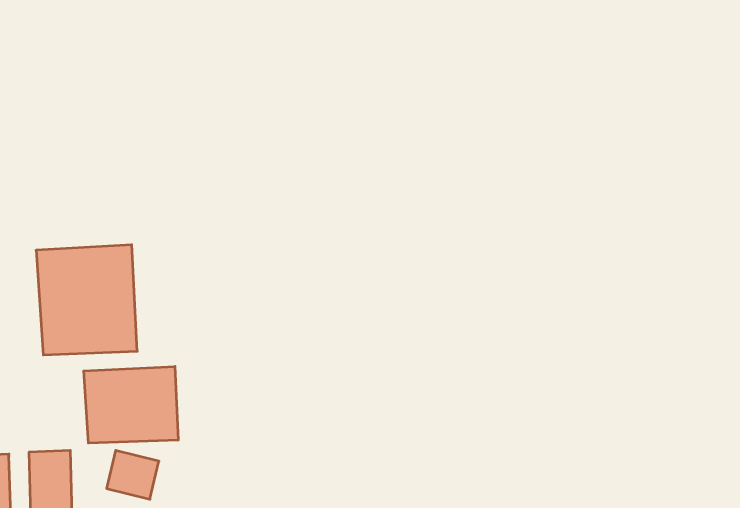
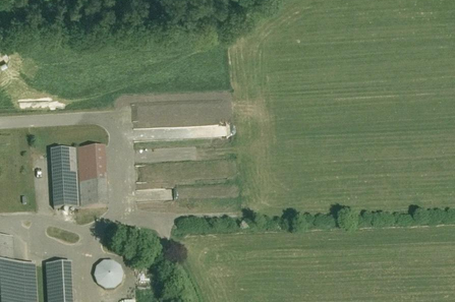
building: [84,366,178,443] -> none

